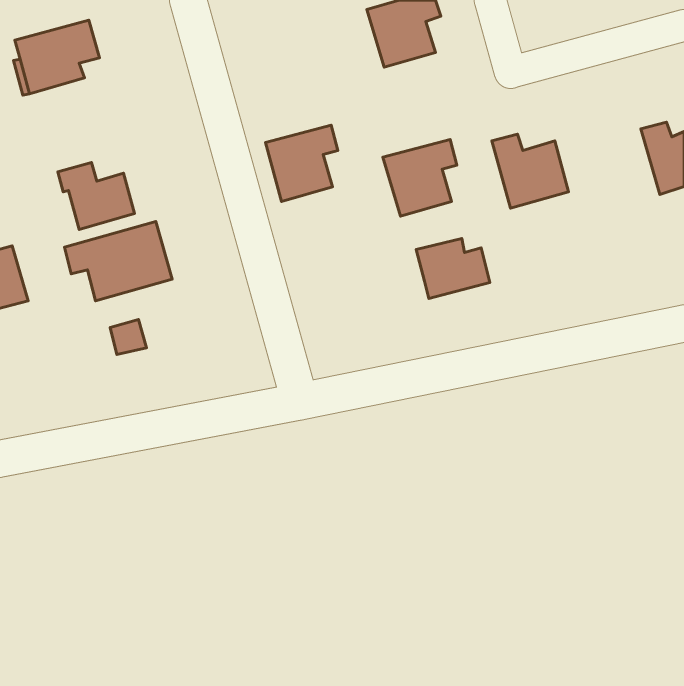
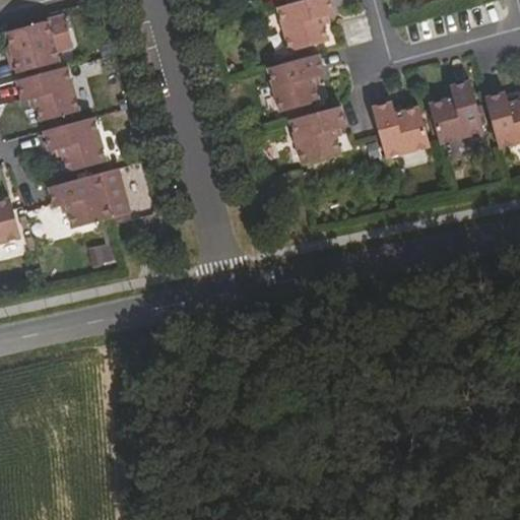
building: none -> [16,66,79,121]
building: none -> [429,80,483,142]
building: [265,125,338,202] -> [268,54,323,112]
building: [416,238,490,299] -> none

